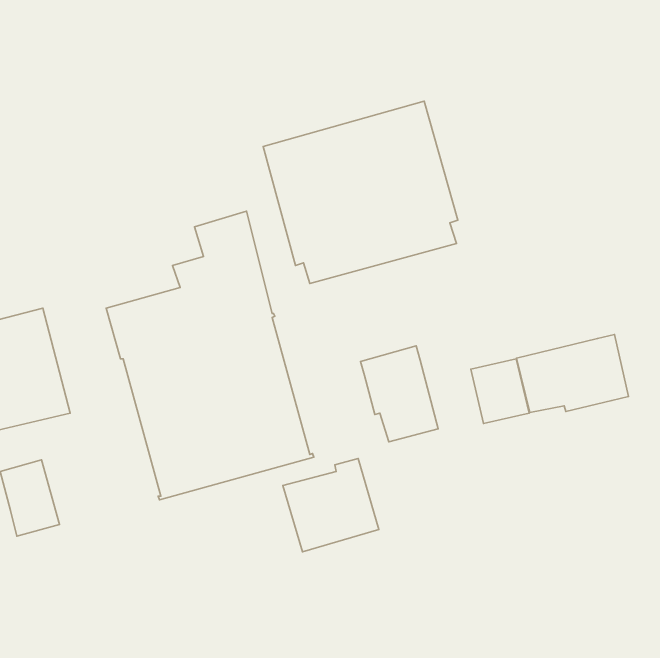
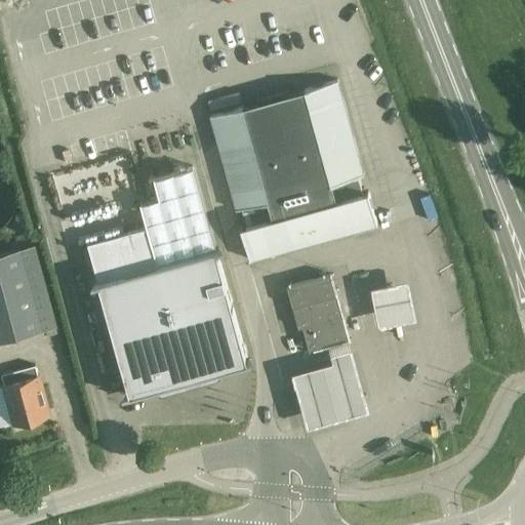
building: none -> [239,194,375,262]
building: [517,335,629,412] -> none
building: [283,458,379,552] -> [295,357,371,431]

